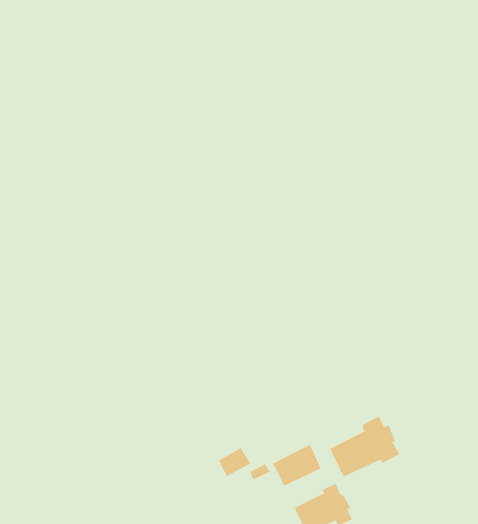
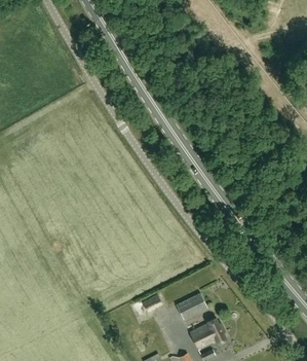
building: [330,416,400,478] -> none

